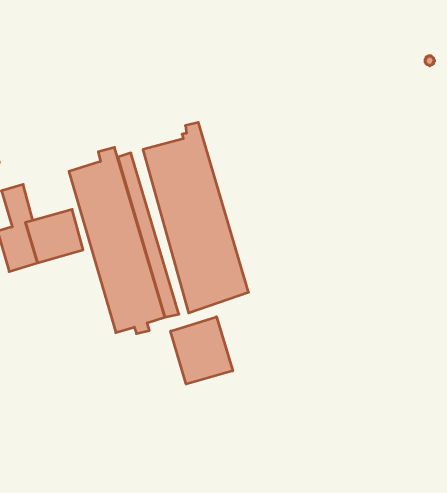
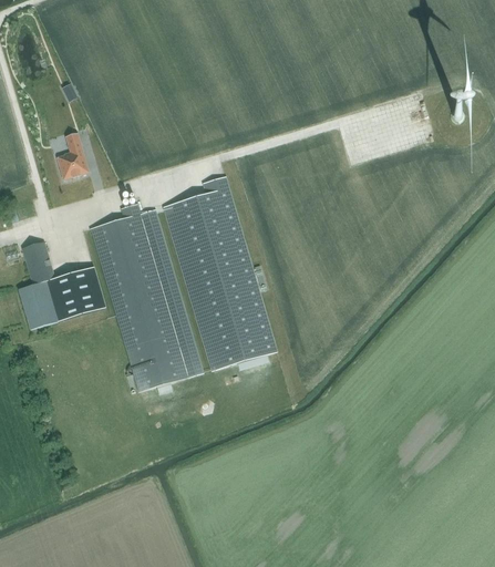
building: none -> [58,132,90,178]
building: [171,317,233,384] -> none

